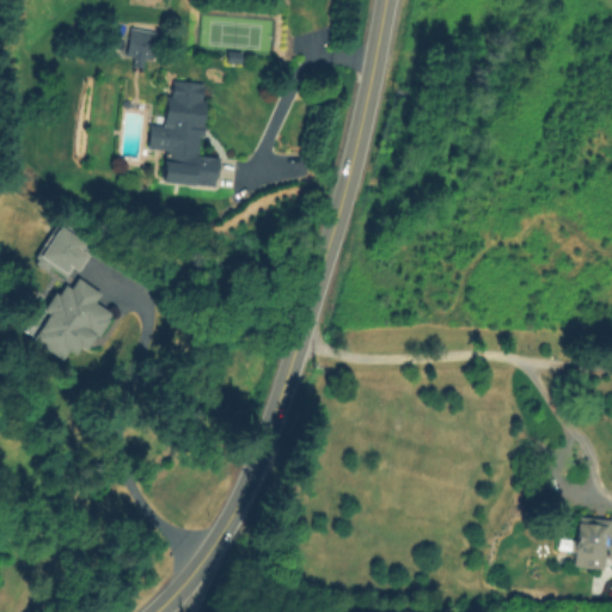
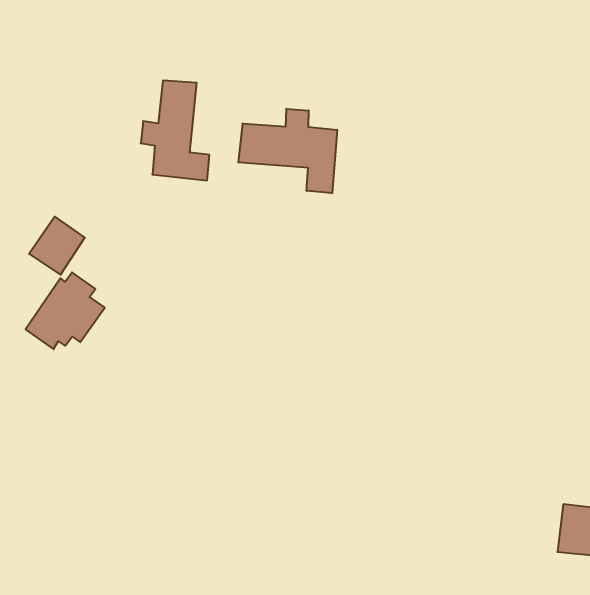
building: [130,33,160,60] -> none
building: none -> [238,109,337,193]

